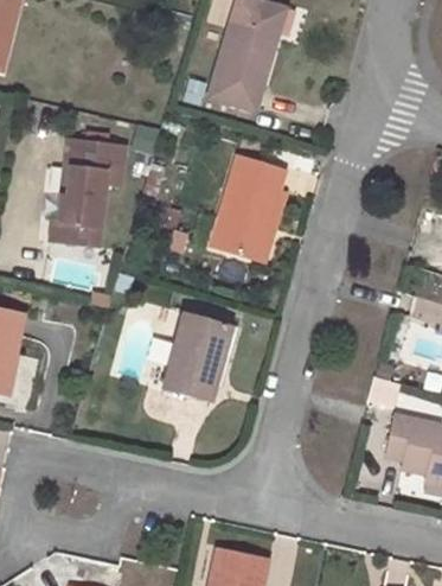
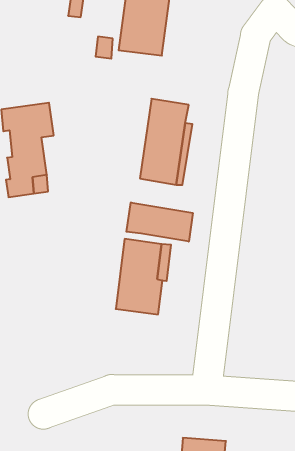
building: none -> [126,202,193,242]

